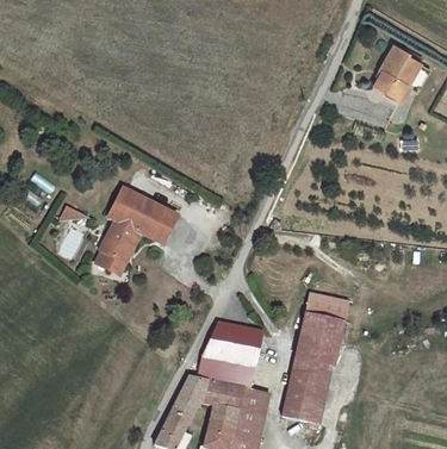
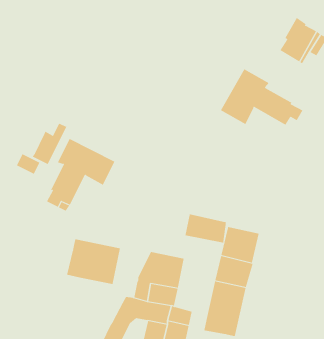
building: none -> [220,68,303,125]
building: none -> [32,123,67,165]
building: none -> [185,214,226,244]
building: none -> [67,238,120,285]

